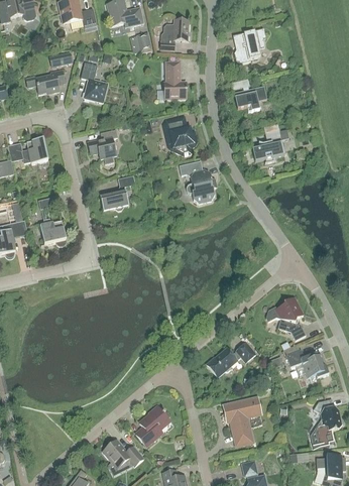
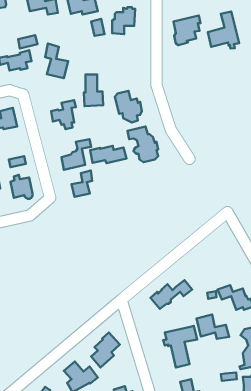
building: none -> [208,11,239,49]
building: [163,60,187,98] -> [84,75,103,106]
building: [233,85,266,111] -> none
building: [252,128,288,161] -> none
building: none -> [90,146,126,163]
building: none -> [72,170,92,197]
building: [265,296,306,340] -> none
building: none -> [196,315,229,339]

